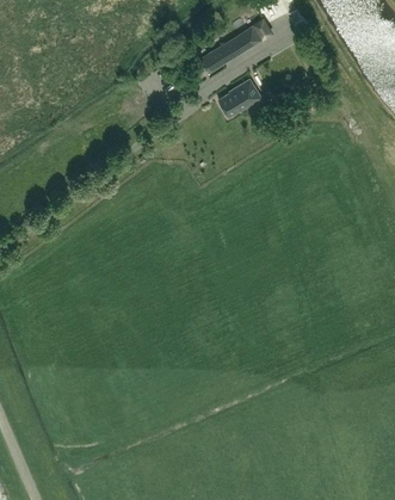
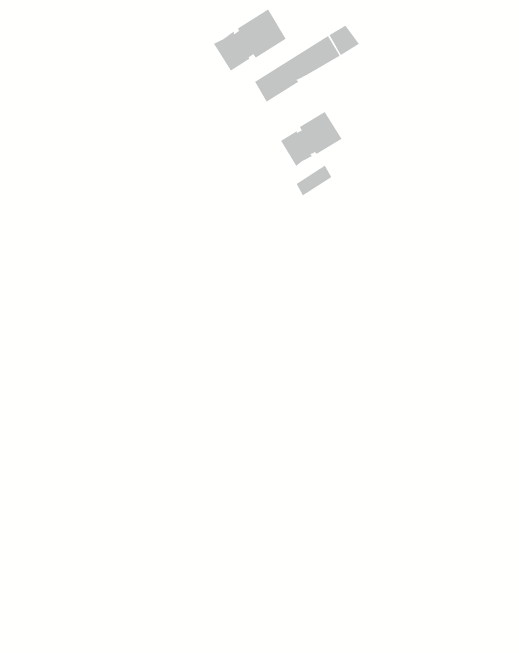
building: none -> [213,9,287,71]

